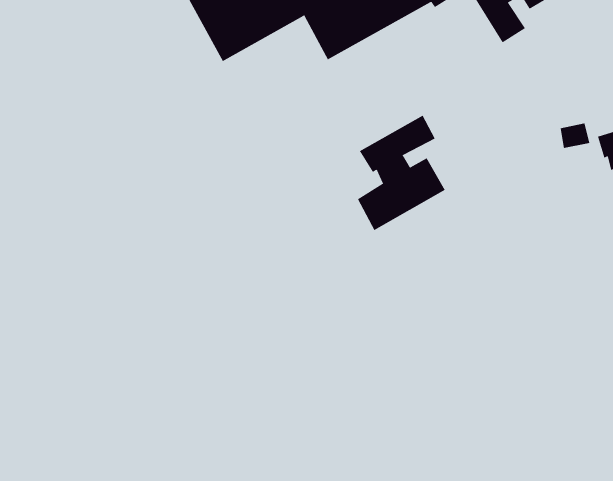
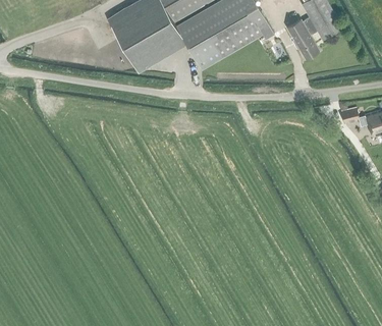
building: [357,115,446,231] -> none

